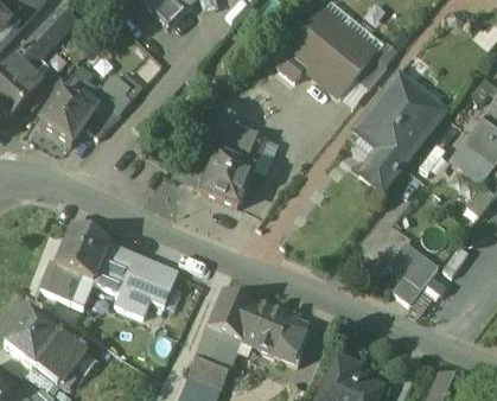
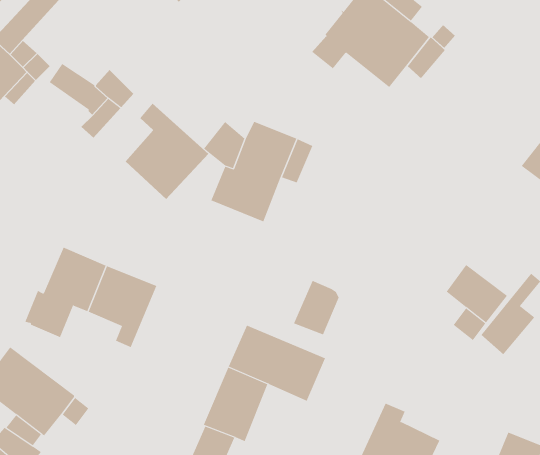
building: [353,74,445,191] -> none
building: [39,91,93,145] -> none
building: none -> [125,103,209,200]
building: [128,259,178,316] -> none
building: [273,318,311,363] -> [293,280,339,335]

